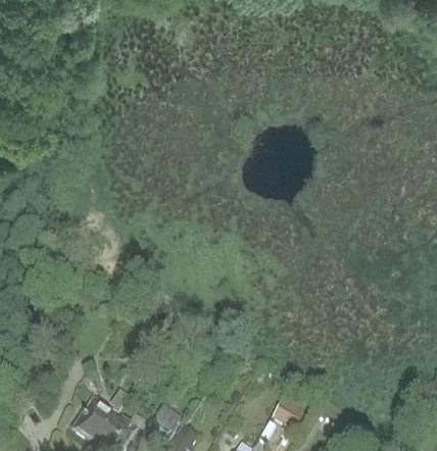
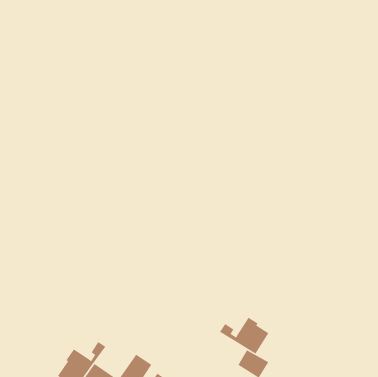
building: none -> [219,317,269,354]

